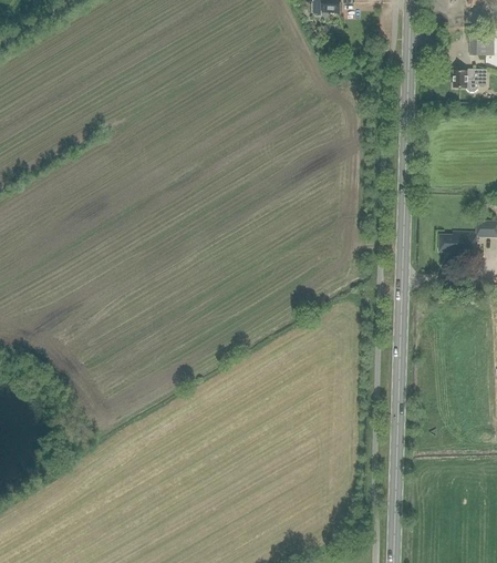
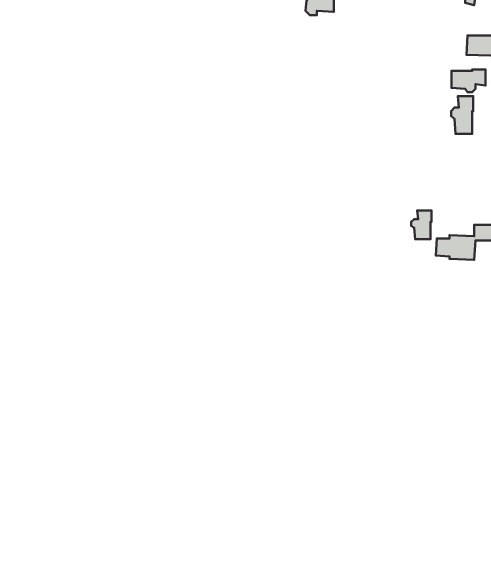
building: none -> [451,96,473,134]
building: none -> [411,210,432,239]

